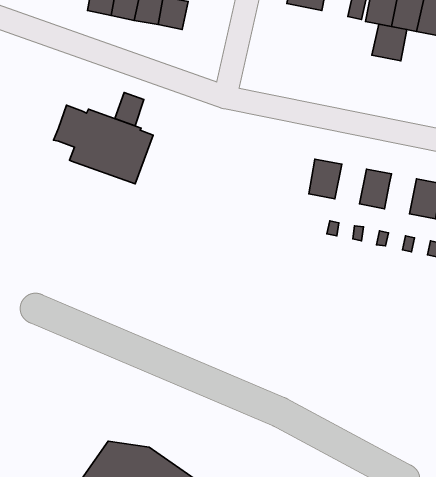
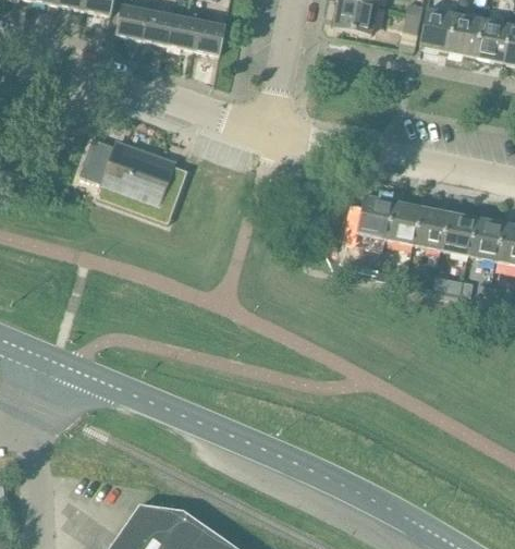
building: [372,24,407,61] -> none
building: [115,92,144,126] -> none
building: none -> [387,202,421,245]
building: none -> [441,212,476,256]

